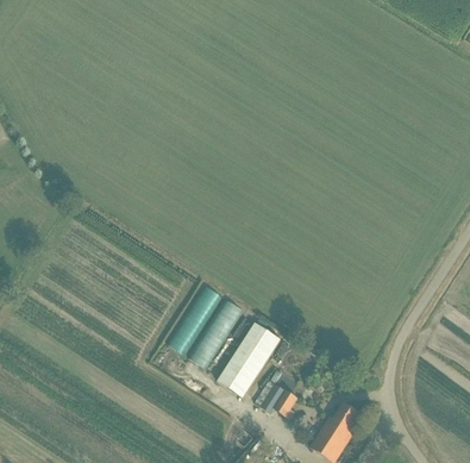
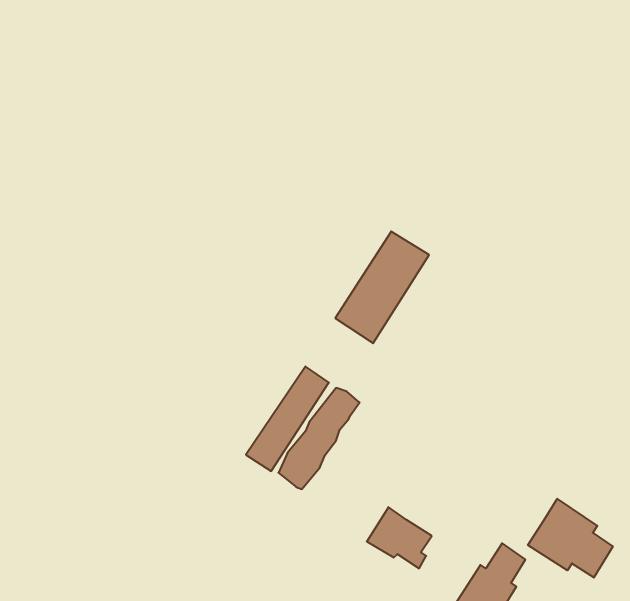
building: [217,321,278,395] -> [335,231,429,343]
building: none -> [528,499,613,578]

